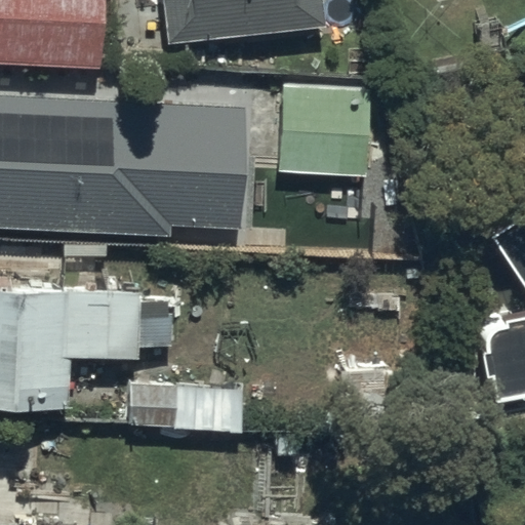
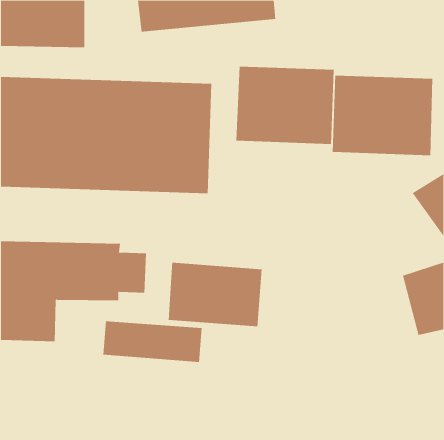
building: none -> [332,75,433,156]
building: none -> [168,262,262,327]

